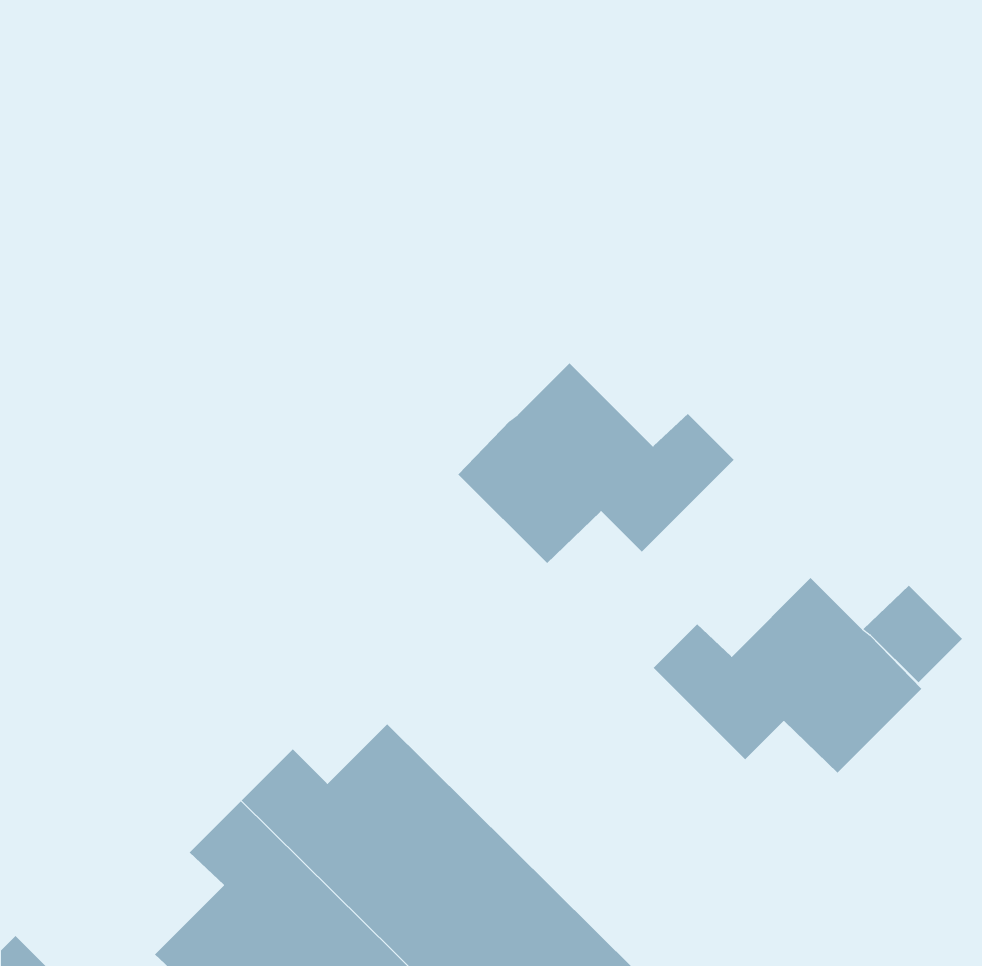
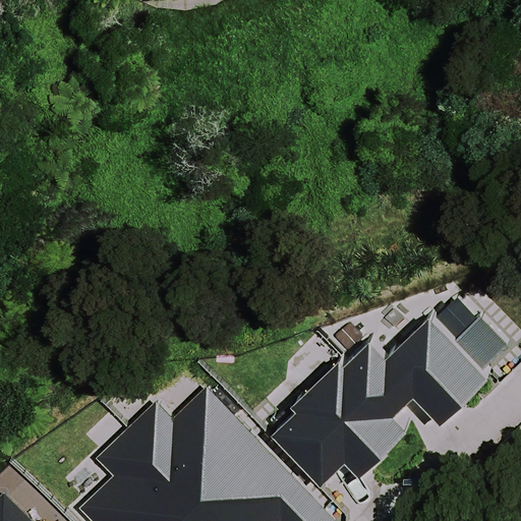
building: [458,363,734,564] -> none
building: none -> [276,356,408,479]

